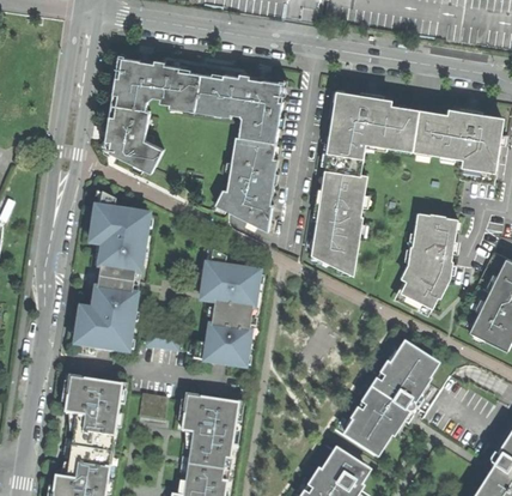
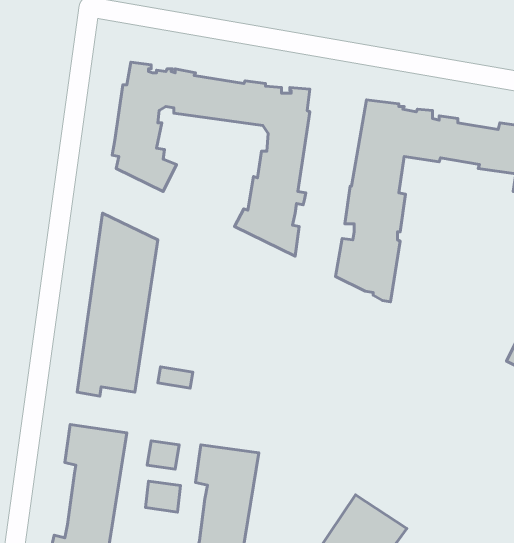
building: [397,213,458,311] -> none
building: [191,248,256,365] -> none
building: [334,338,440,456] -> none
building: none -> [145,481,181,512]

